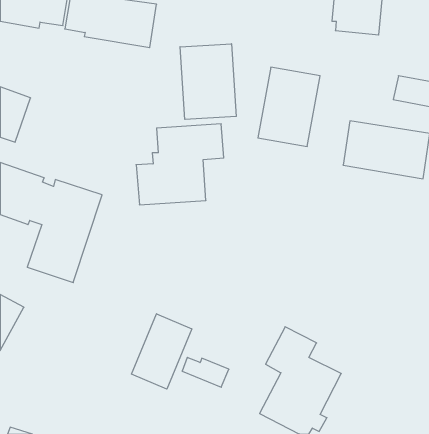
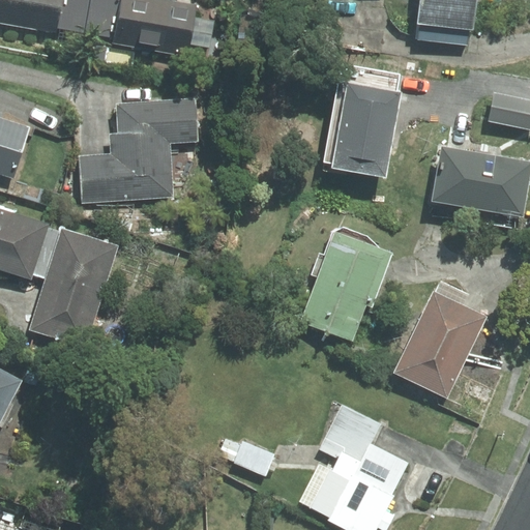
building: [180,44,236,119] -> none
building: [136,124,224,205] -> [89,99,196,198]
building: none -> [297,234,387,342]
building: none -> [389,292,480,398]
building: [132,314,192,389] -> none

